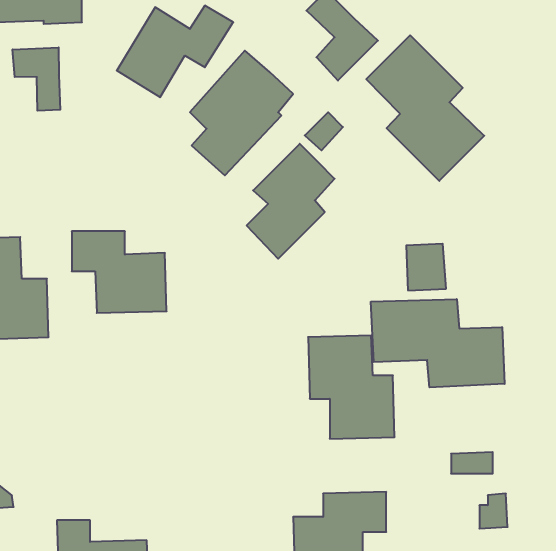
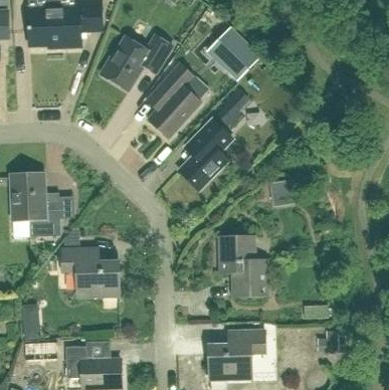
building: [366,35,484,181] -> none
building: [13,47,60,111] -> none
building: [72,231,167,313] -> [61,247,119,297]
building: [371,299,505,387] -> none

